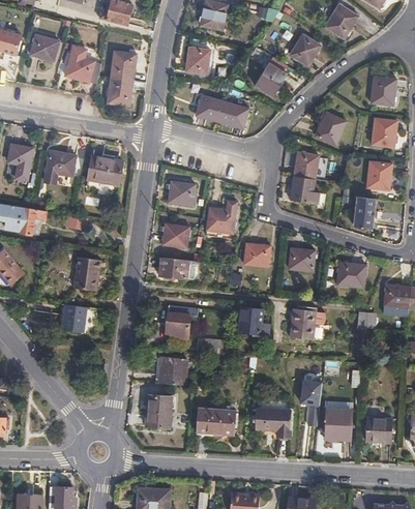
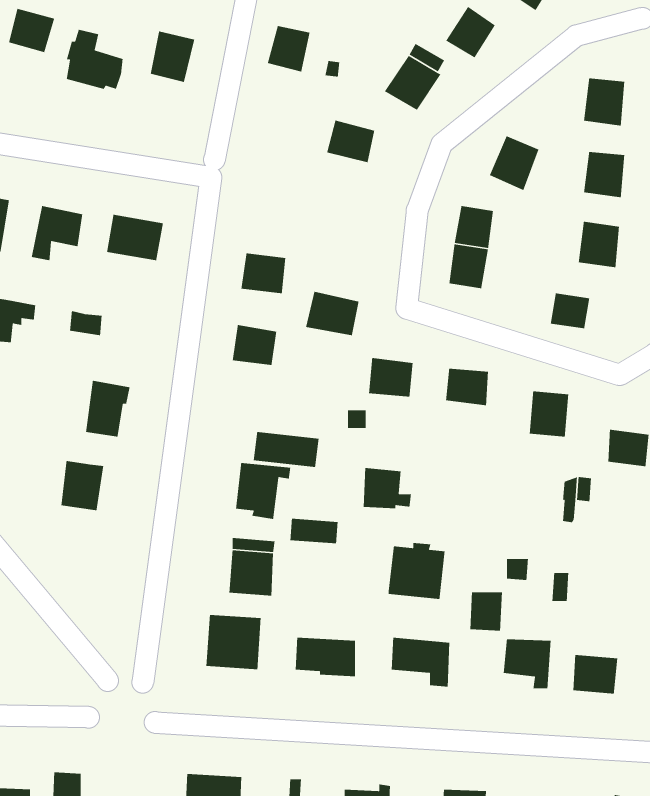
building: [108,74,135,104] -> none
building: [196,95,224,121] -> none
building: [159,257,199,278] -> [253,431,319,468]
building: [289,305,323,339] -> [388,542,446,600]

